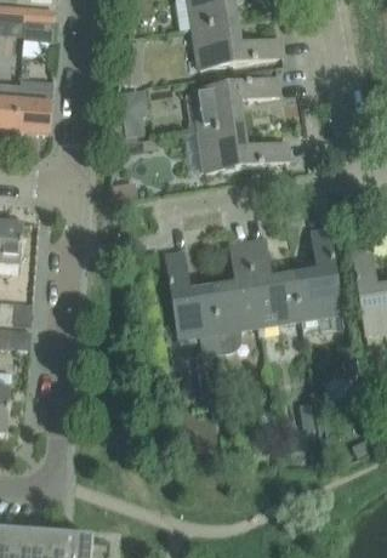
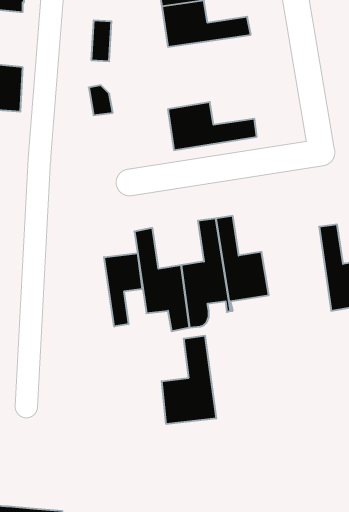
building: [192,74,278,129] -> none
building: [292,227,341,317] -> none
building: none -> [104,253,142,327]
building: none -> [162,336,216,424]

